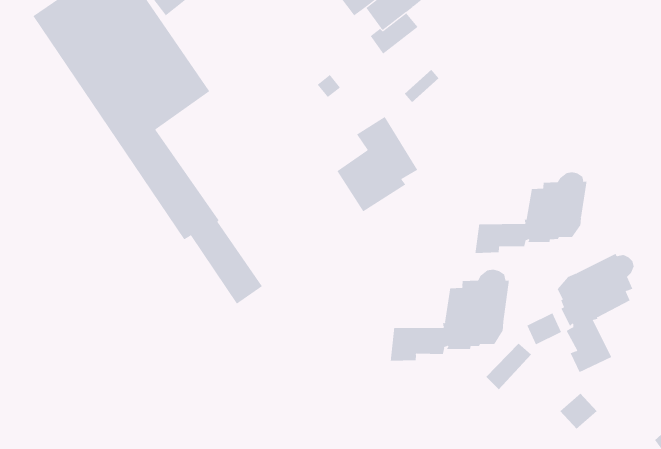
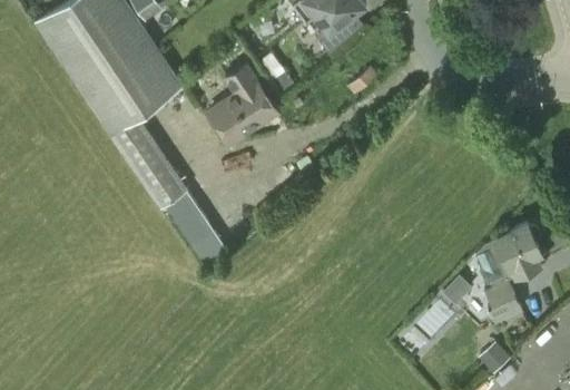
building: [336,116,418,212] -> [206,62,275,144]
building: [475,172,587,254] -> none
building: [390,269,509,362] -> none

